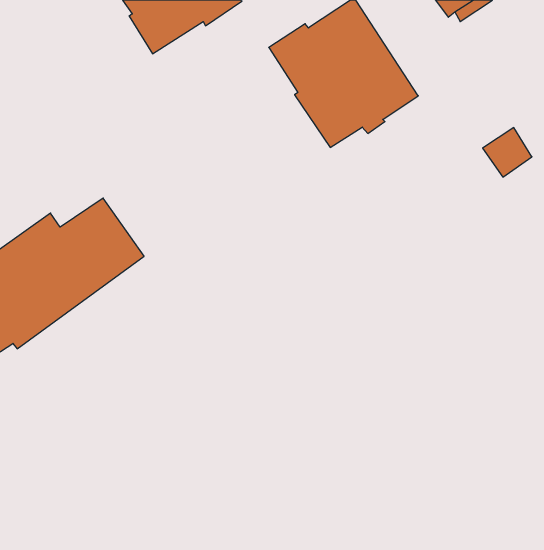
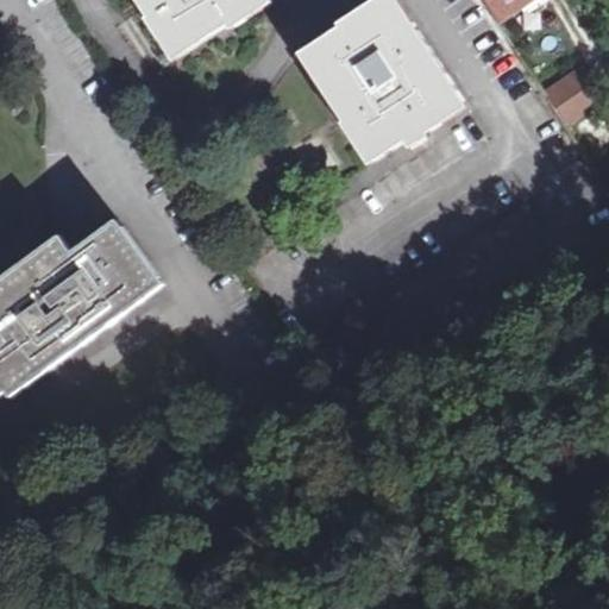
building: [483,128,532,177] -> [540,68,595,123]

